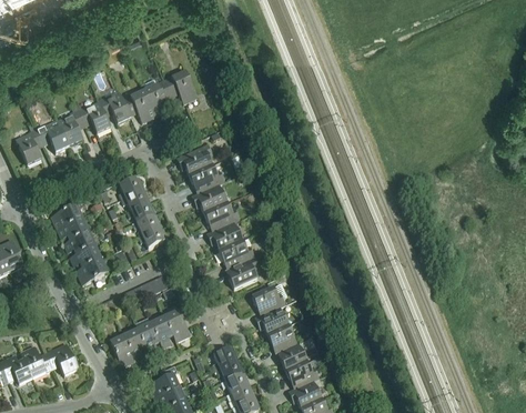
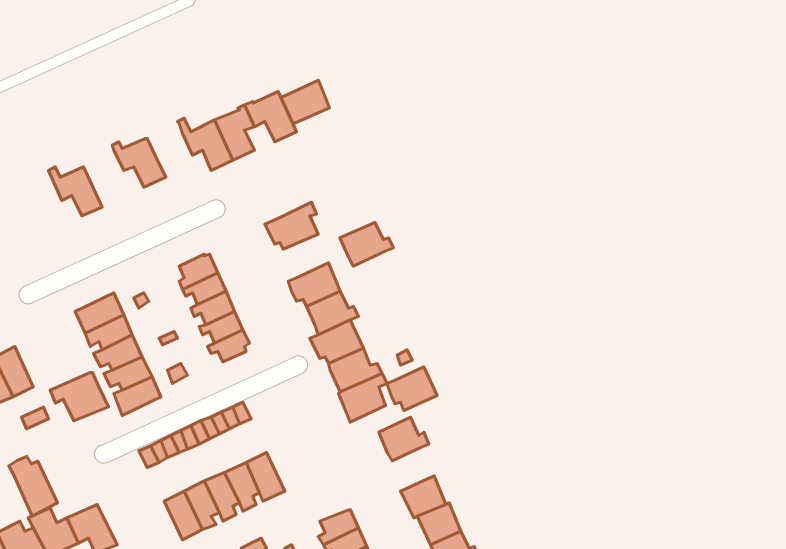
building: none -> [281,80,330,124]
building: [97,92,132,124] -> none
building: [58,110,84,148] -> none
building: [17,122,43,165] -> none
building: [190,165,225,194] -> [340,223,393,266]
building: none -> [50,372,108,421]
building: [256,306,290,335] -> [387,367,437,410]
building: none -> [9,457,57,516]

